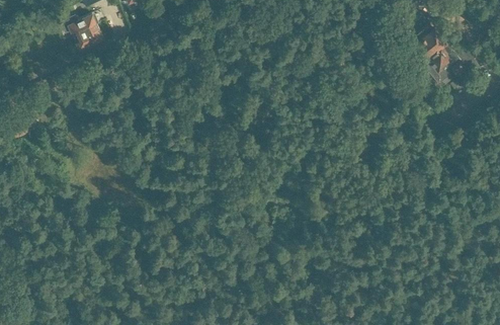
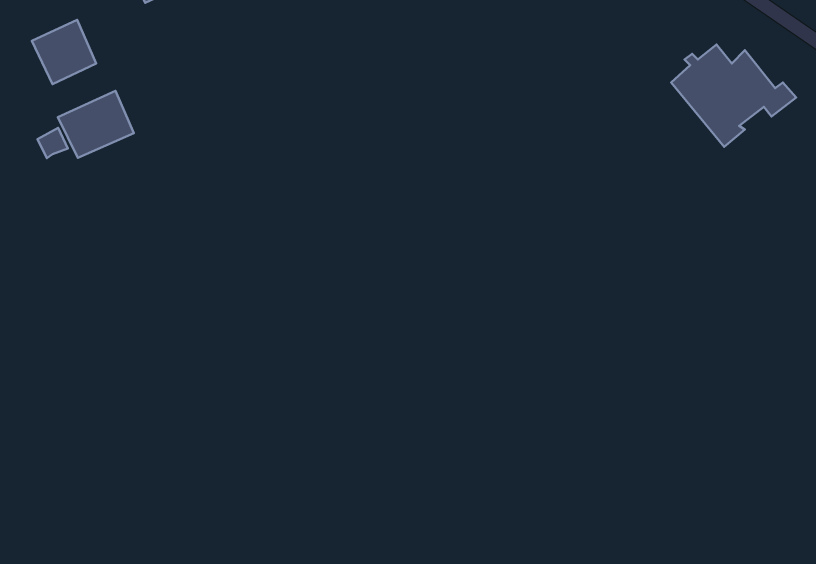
building: none -> [58,91,134,158]

